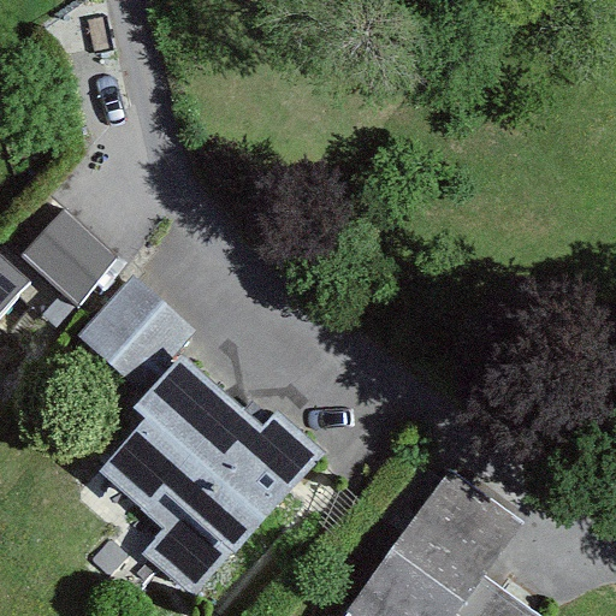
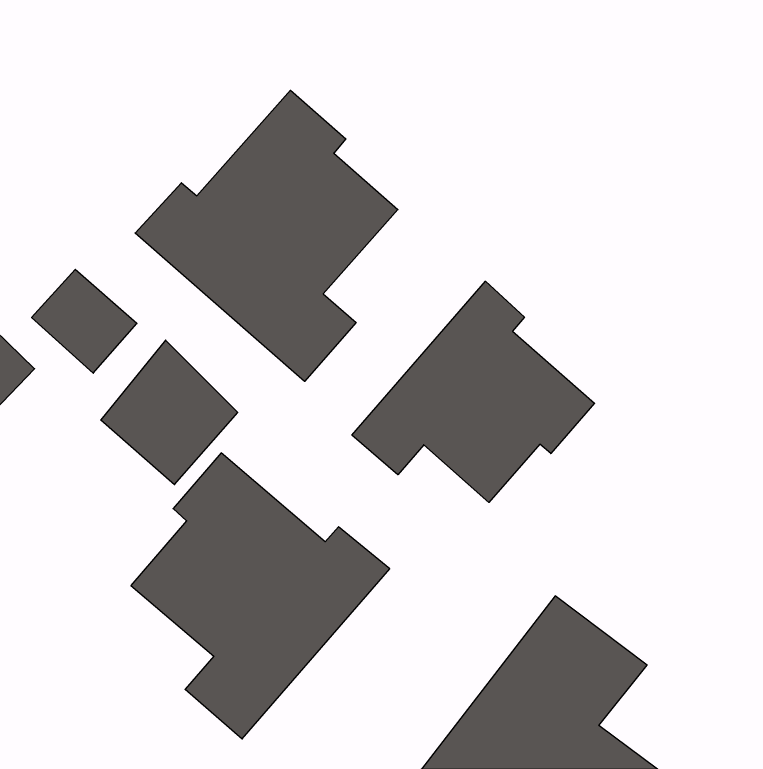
building: none -> [135,90,398,381]
building: none -> [352,281,595,502]

